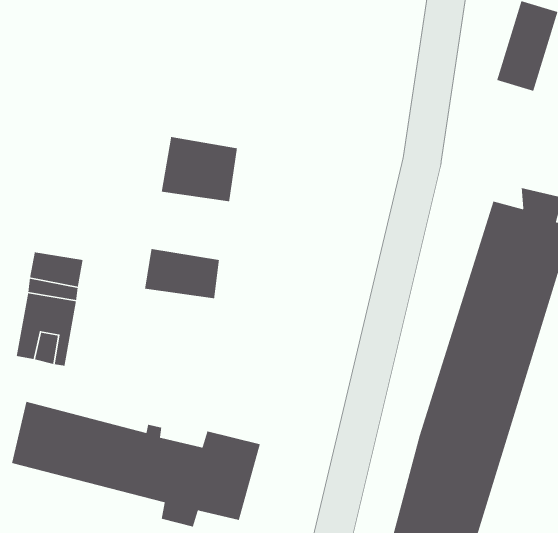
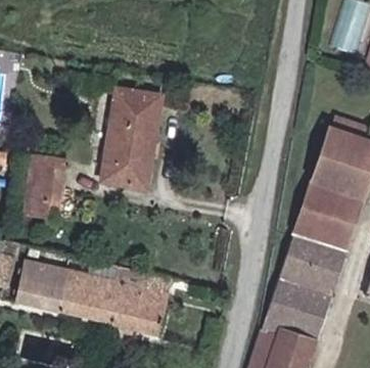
building: none -> [111,126,160,168]

